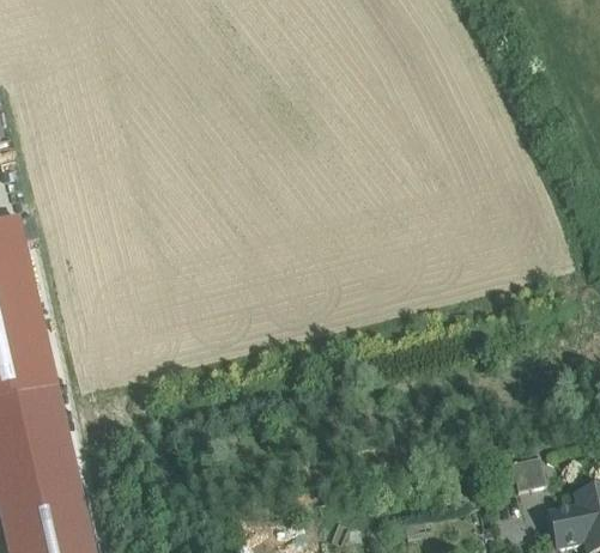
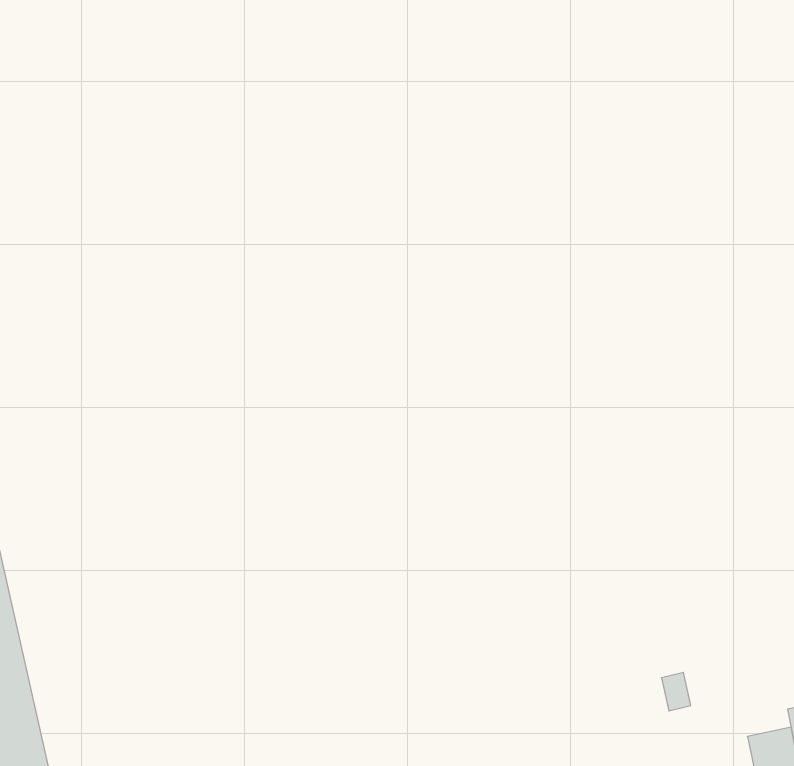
building: [511,456,546,491] -> none

